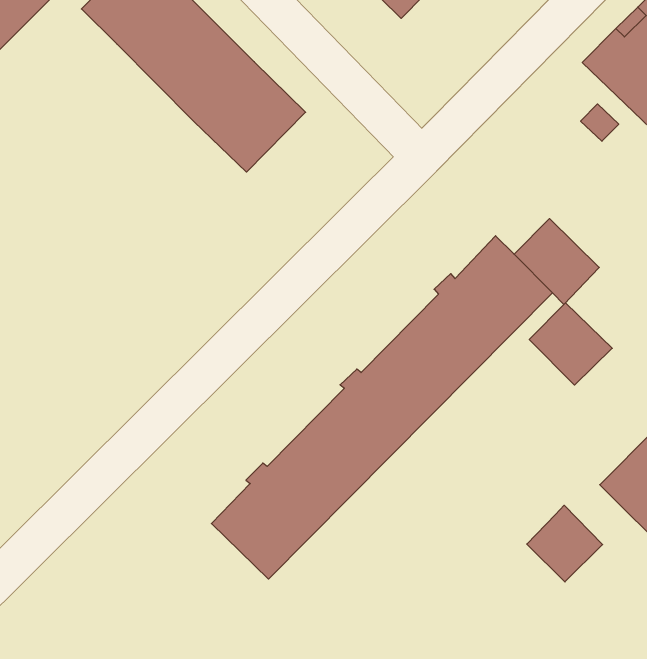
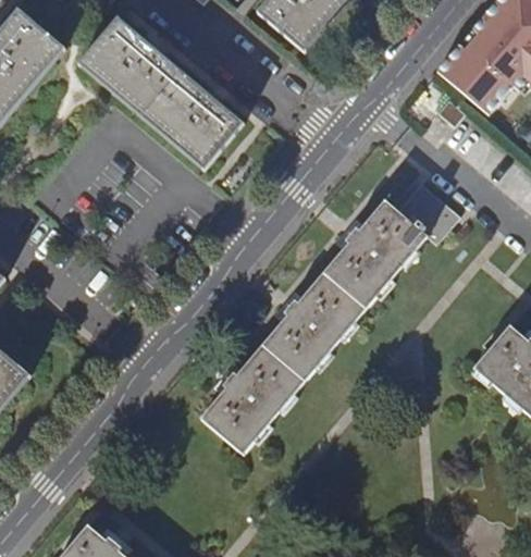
building: [529,303,612,385] -> none
building: [527,505,603,582] -> none

